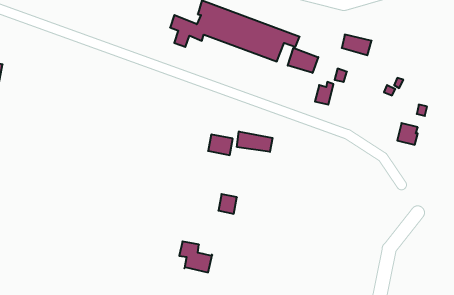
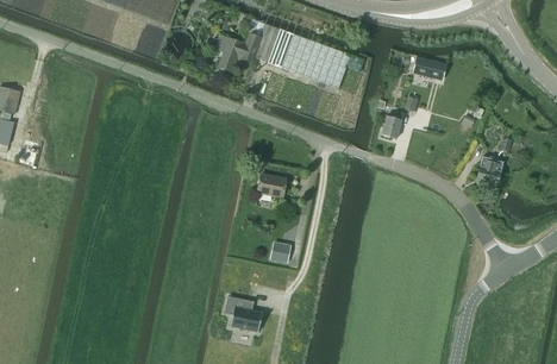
building: [288,48,318,73] -> none
building: [237,131,273,152] -> none

